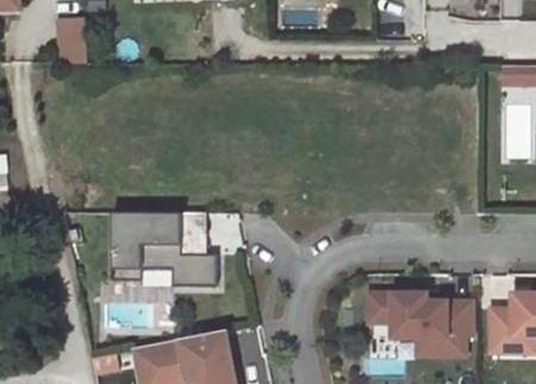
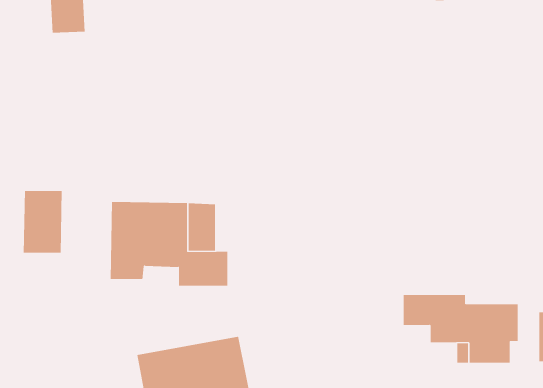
building: none -> [23,190,62,254]

